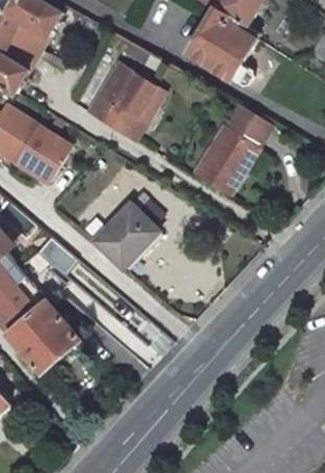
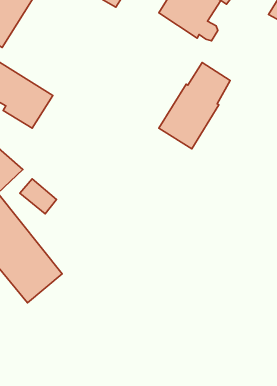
building: [82,69,160,144] -> none
building: [92,205,156,269] -> none

